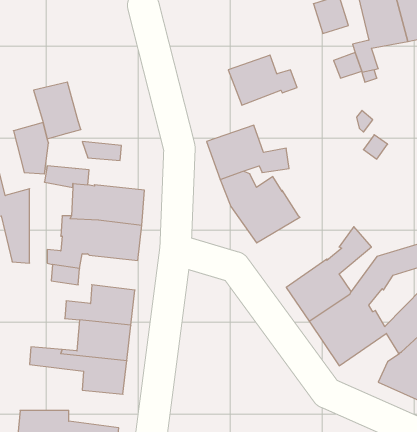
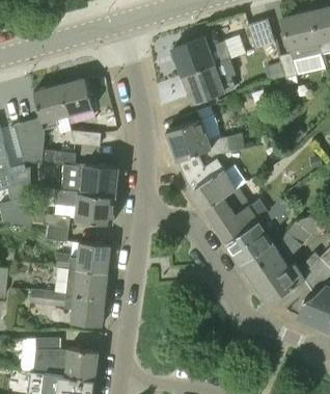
building: none -> [171,33,228,76]
building: none -> [58,78,92,115]
building: none -> [203,186,257,243]

